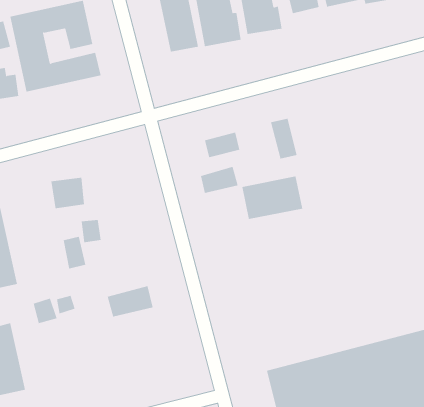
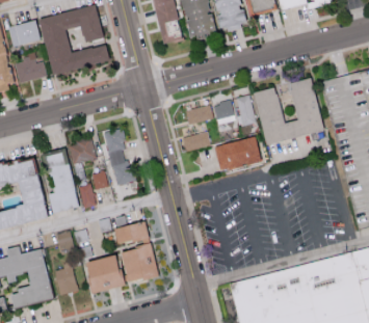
building: none -> [253,77,323,143]
building: none -> [212,99,236,125]
building: none -> [106,127,132,184]
building: none -> [45,149,77,213]
building: none -> [120,244,157,282]
building: none -> [84,257,120,292]
building: none -> [54,261,78,294]

